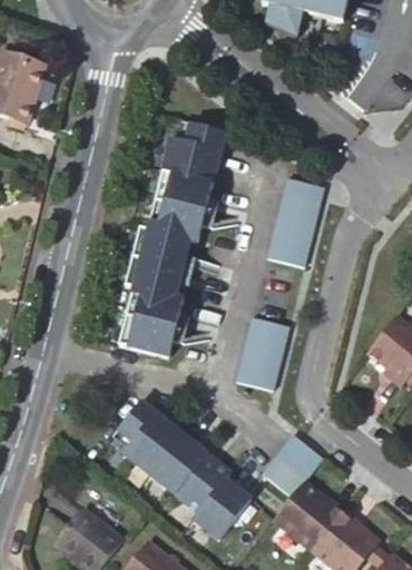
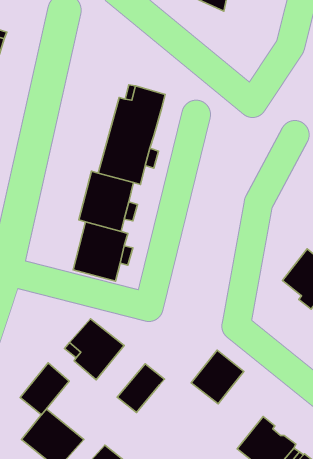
building: [266,179,321,271] -> none
building: [235,315,286,390] -> none
building: [148,430,205,490] -> [20,363,69,415]
building: [189,475,247,535] -> none
building: [273,483,342,550] -> none

